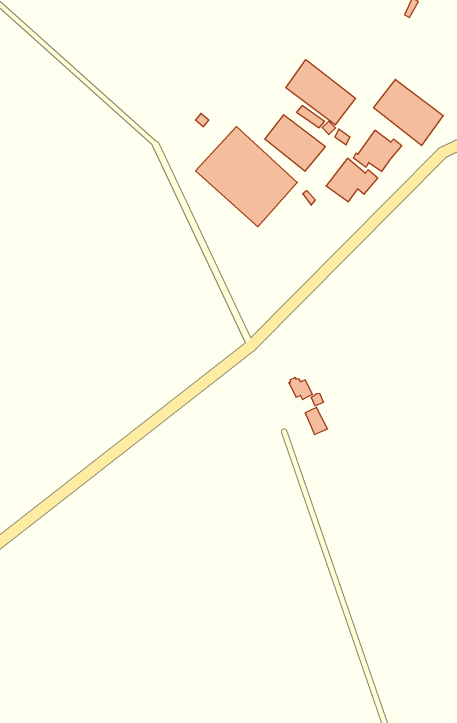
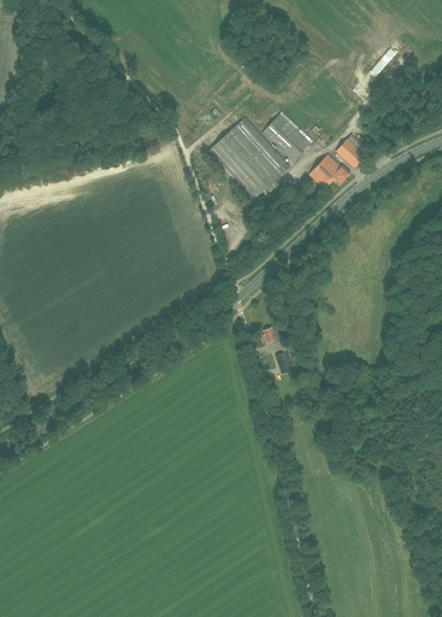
building: [286,60,356,125] -> none
building: [374,79,443,146] -> none

